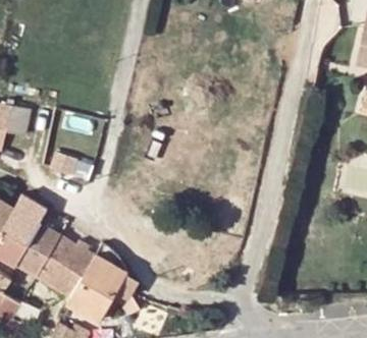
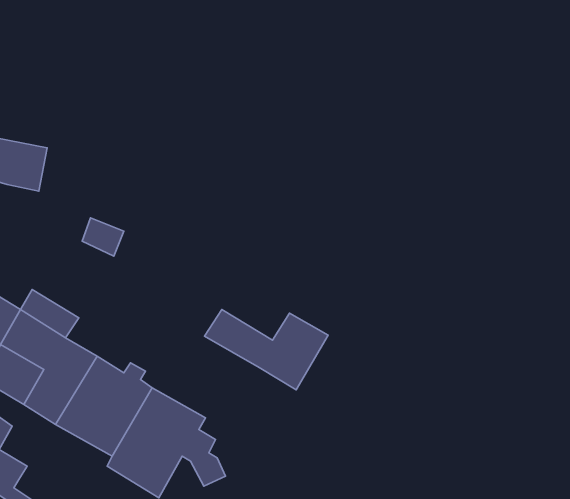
building: none -> [205,309,328,390]

